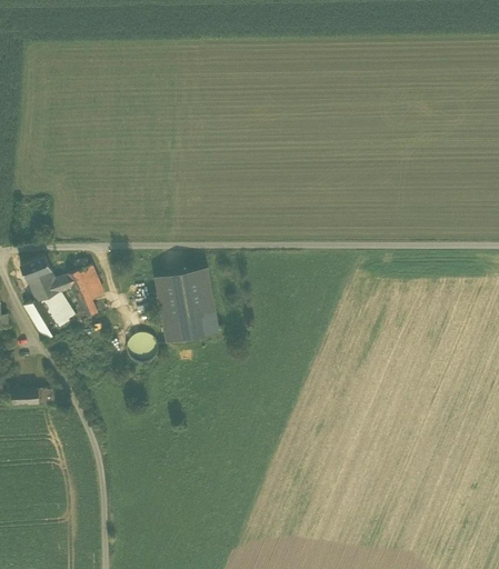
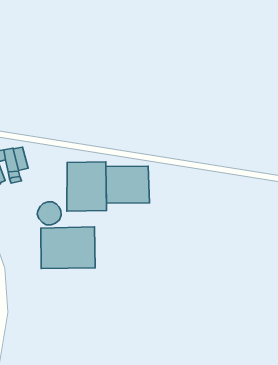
building: none -> [106,166,150,203]
building: none -> [41,227,95,268]

